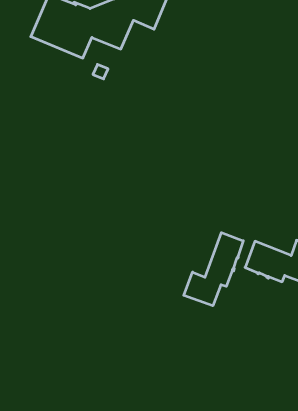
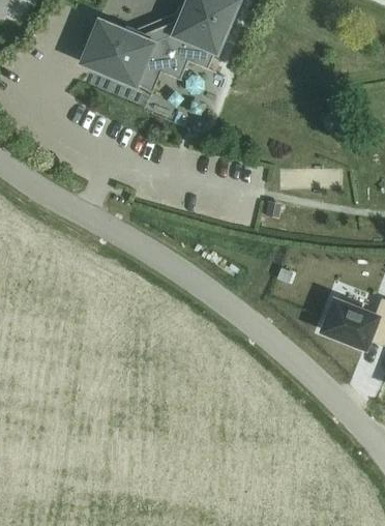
building: [184,233,243,306] -> none

